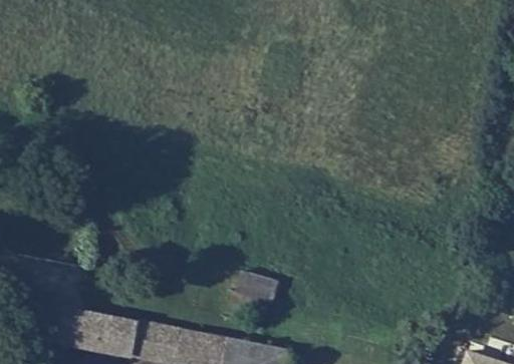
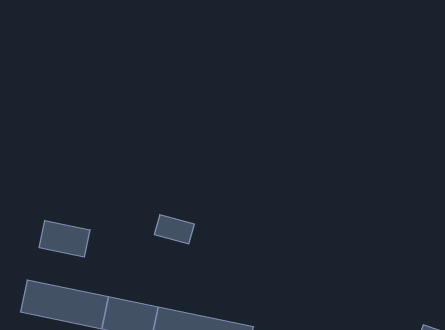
building: none -> [39,220,90,257]
building: [237,272,280,303] -> [154,215,194,244]

